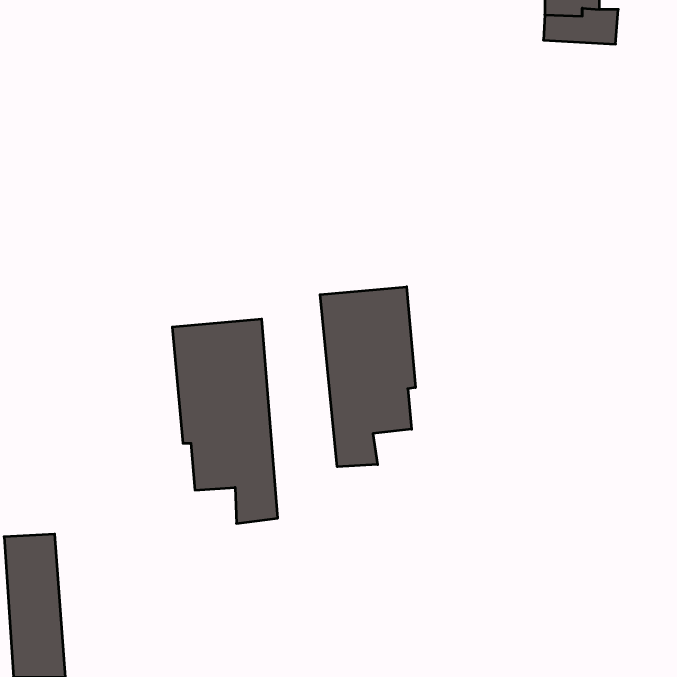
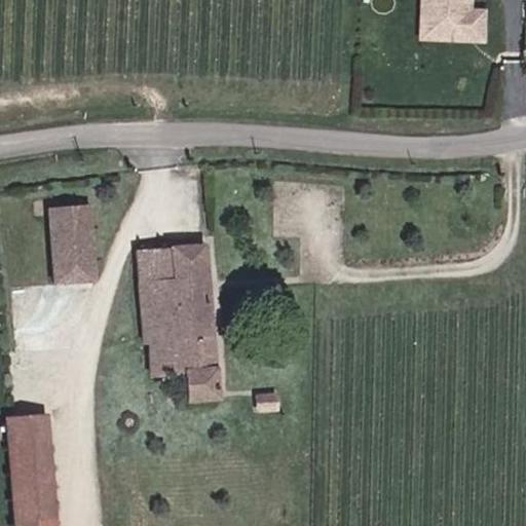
building: none -> [49,208,99,284]
building: [320,287,415,467] -> none

